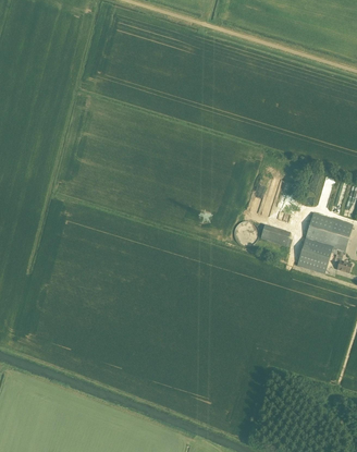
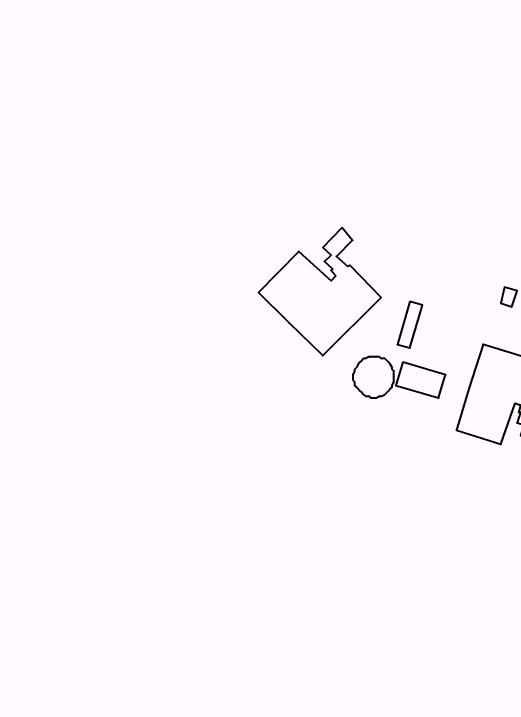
building: none -> [259,228,381,356]

